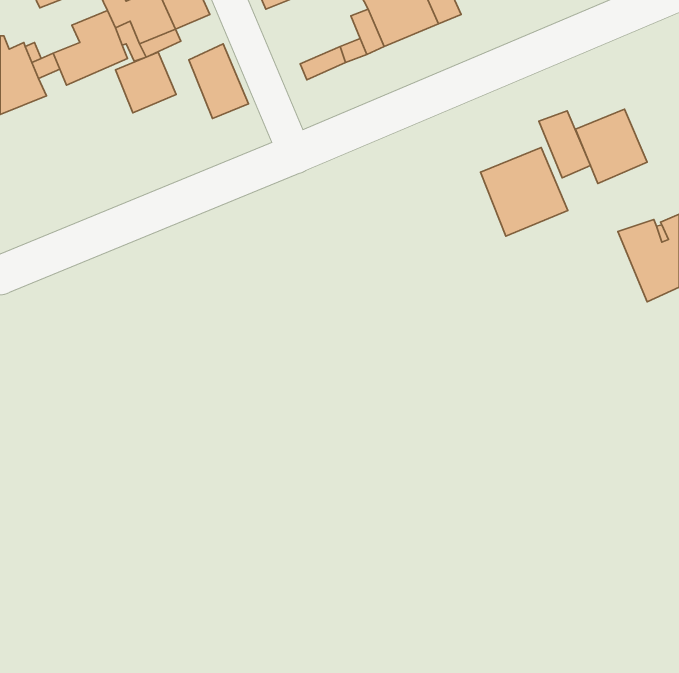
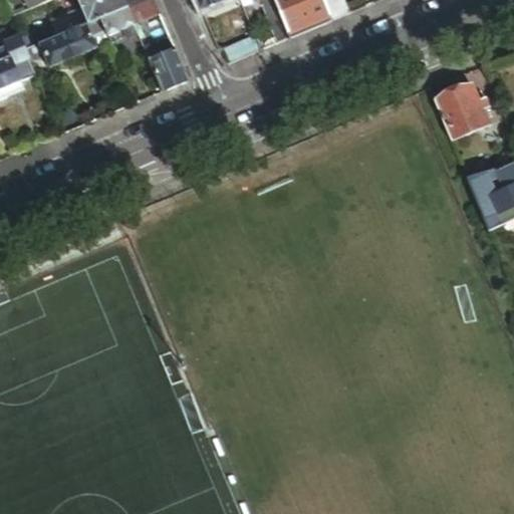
building: [115,52,176,113] -> none
building: [539,111,590,178] -> none
building: [480,148,568,236] -> none

